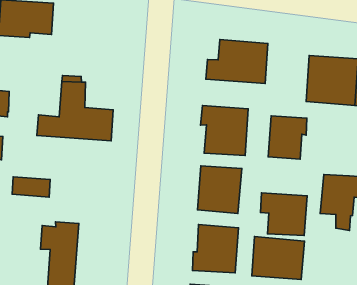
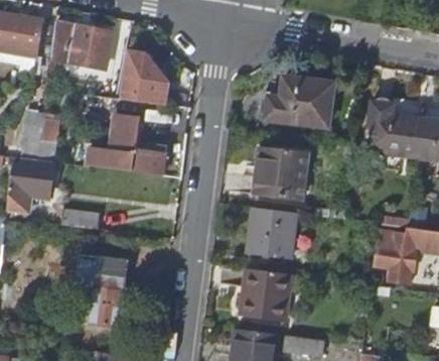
building: none -> [123,49,166,103]
building: [268,116,307,159] -> none
building: [261,193,307,236] -> none
building: [252,236,305,279] -> none

